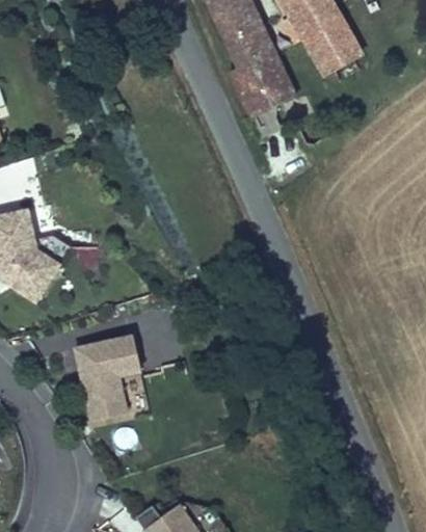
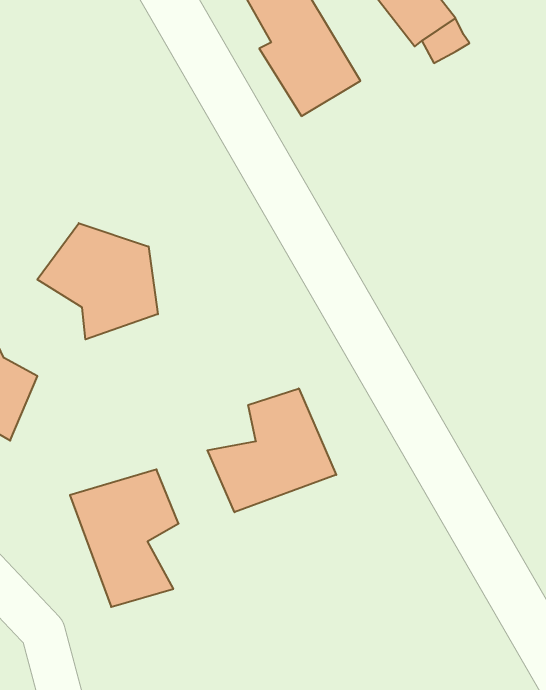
building: none -> [37,223,158,339]
building: none -> [207,388,336,512]

